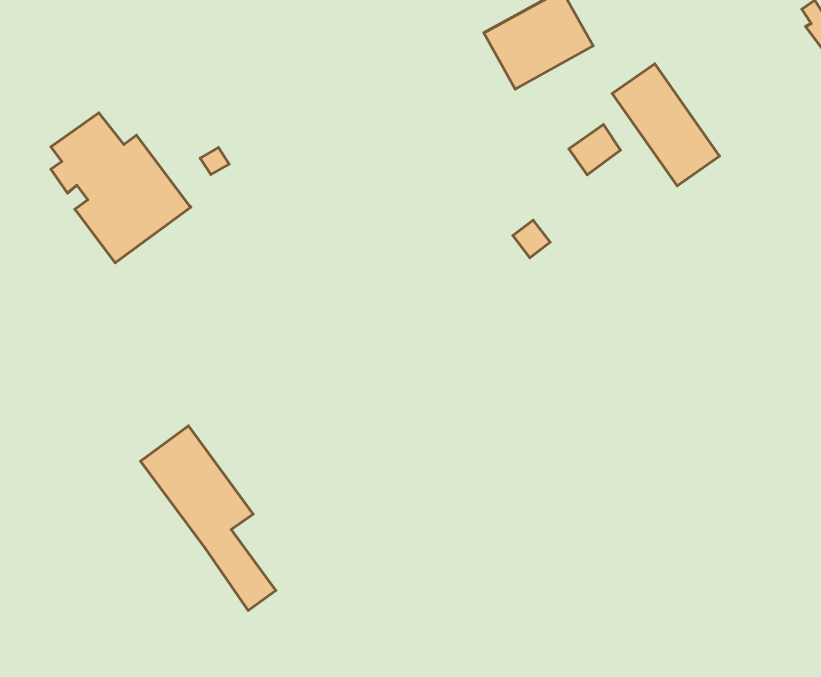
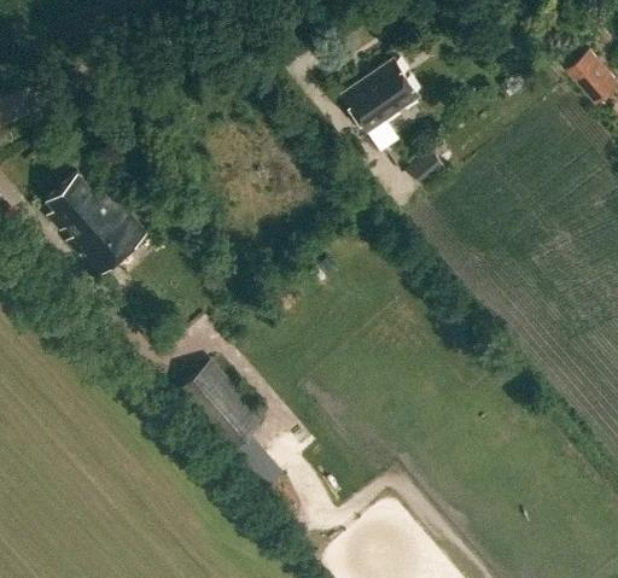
building: [612,64,720,186] -> none
building: [140,426,276,610] -> [179,362,281,487]

